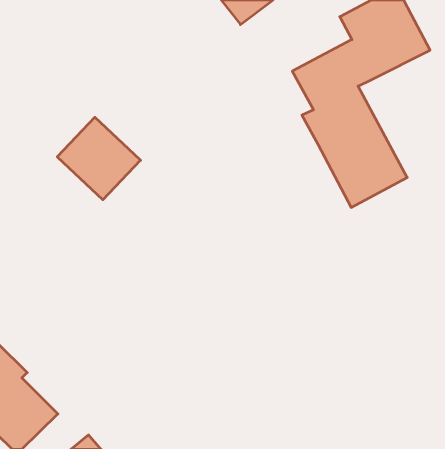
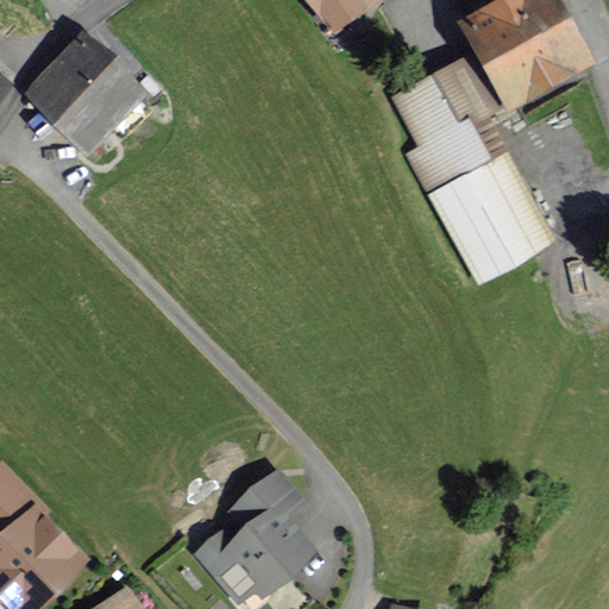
building: [57,117,141,200] -> [24,39,137,151]
building: none -> [197,476,307,598]

